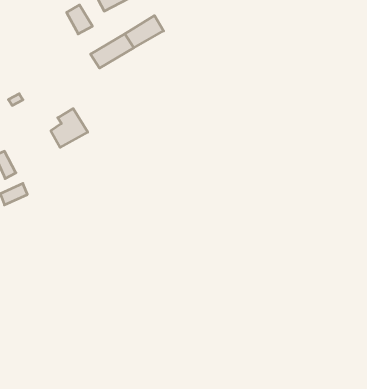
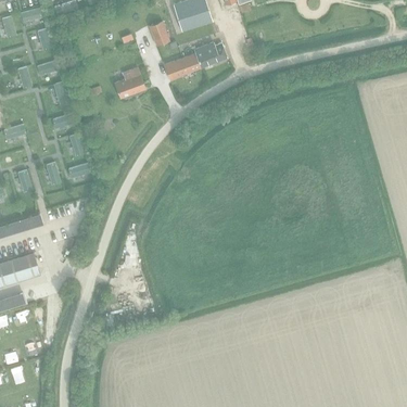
building: [51,109,88,147] -> [114,65,144,96]

